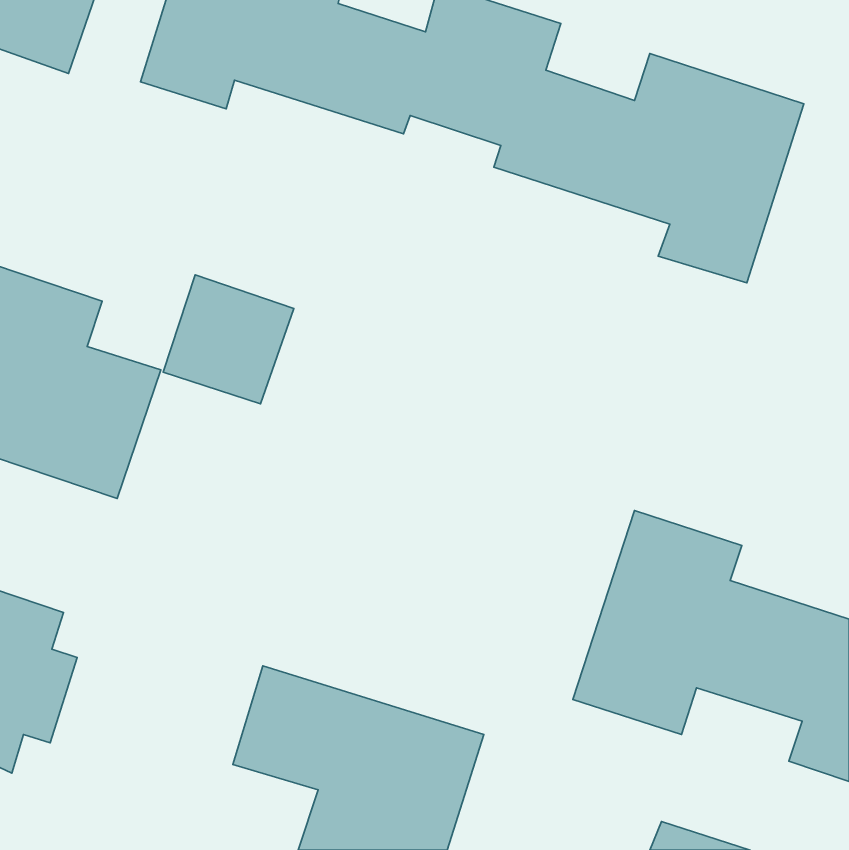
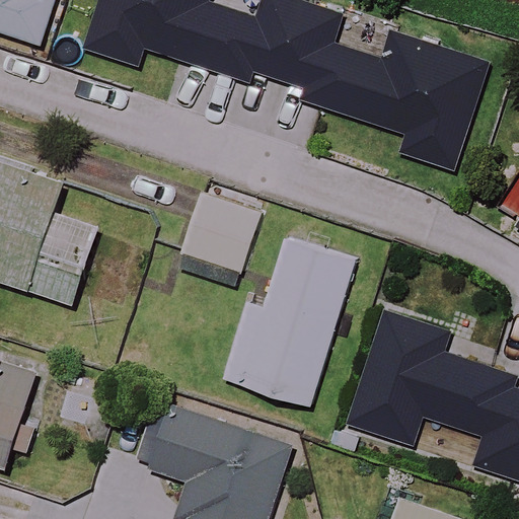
building: [163,275,294,404] -> [181,192,261,270]
building: none -> [224,235,356,402]

